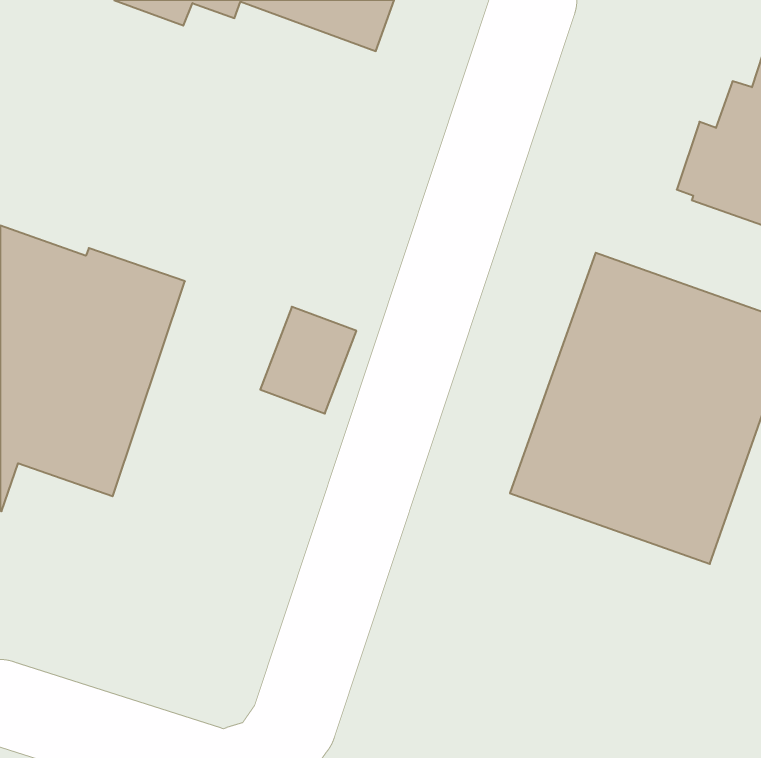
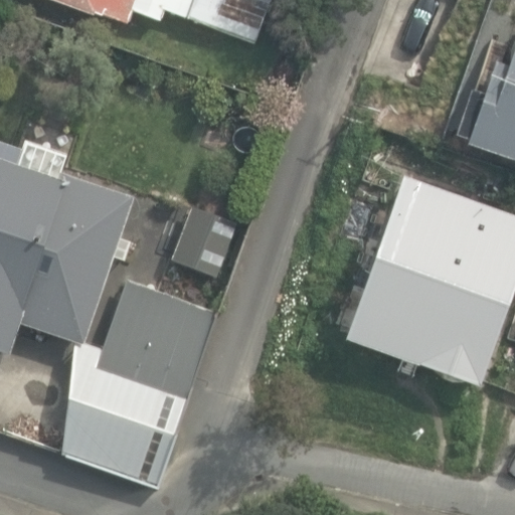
building: none -> [60,284,212,486]

